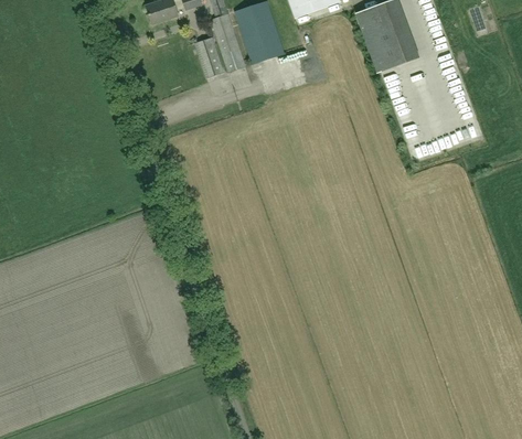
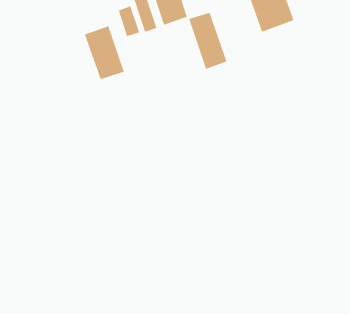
building: none -> [188,12,227,70]
building: none -> [84,25,125,80]

